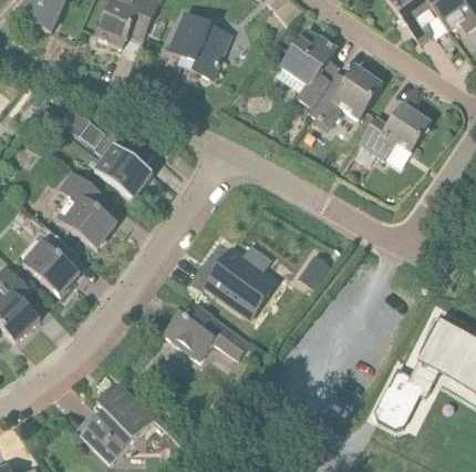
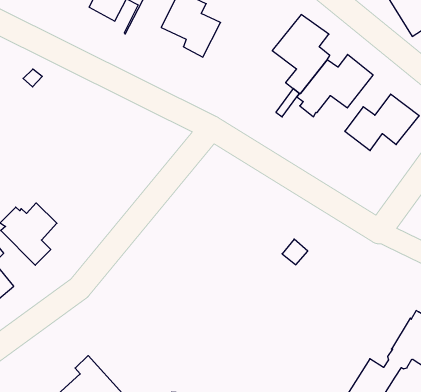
building: [79,115,153,198] -> none
building: [56,170,116,247] -> none
building: [208,248,271,314] -> none
building: [163,302,248,359] -> none

